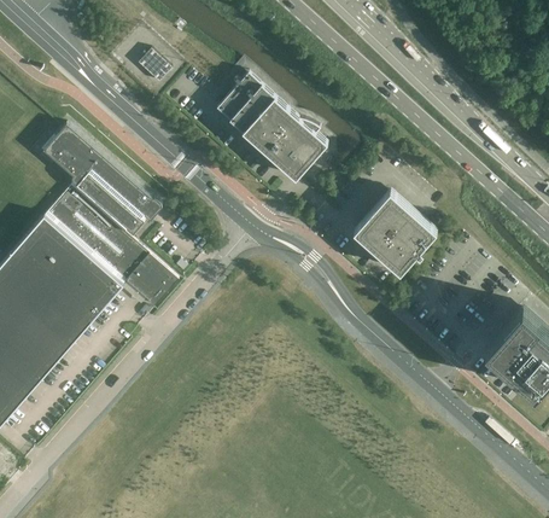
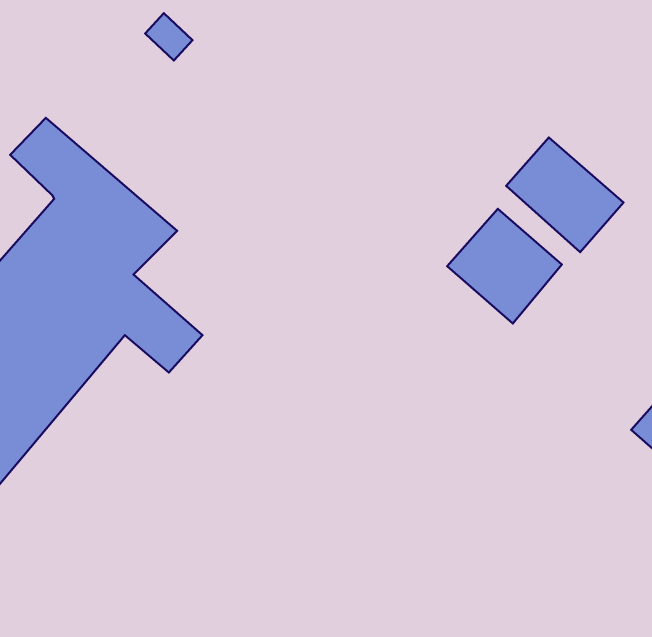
building: [215,75,327,181] -> none
building: none -> [506,138,624,252]

